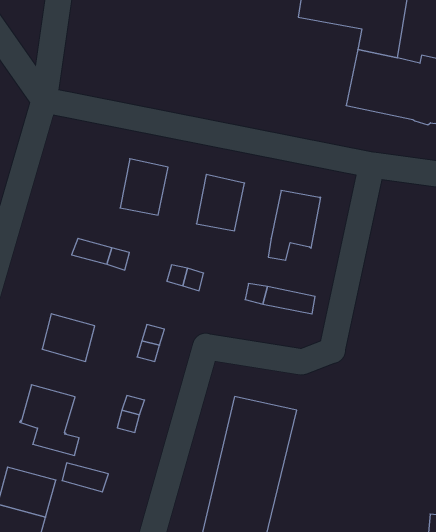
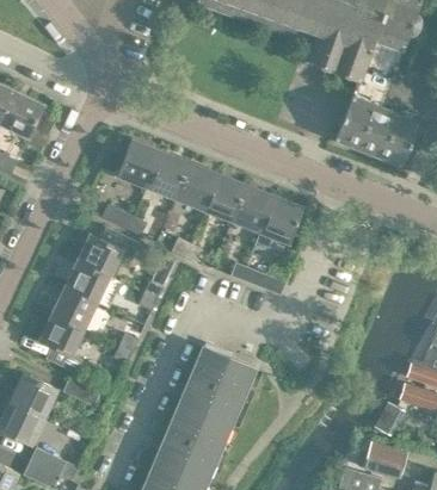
building: none -> [117,139,160,187]
building: none -> [174,162,217,210]
building: none -> [232,185,273,231]
building: none -> [78,227,139,275]
building: none -> [53,286,98,328]

